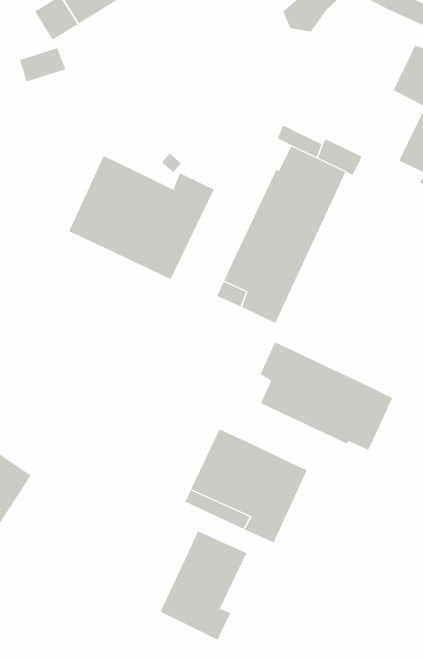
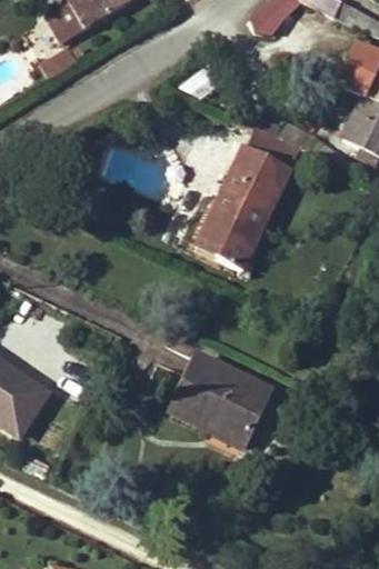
building: [68,155,215,280] -> none
building: [260,342,393,450] -> none
building: [160,530,247,640] -> none

